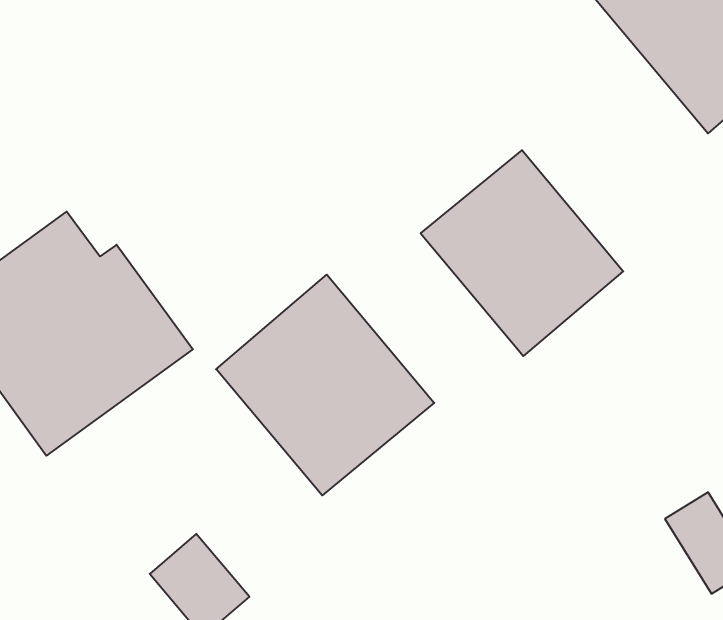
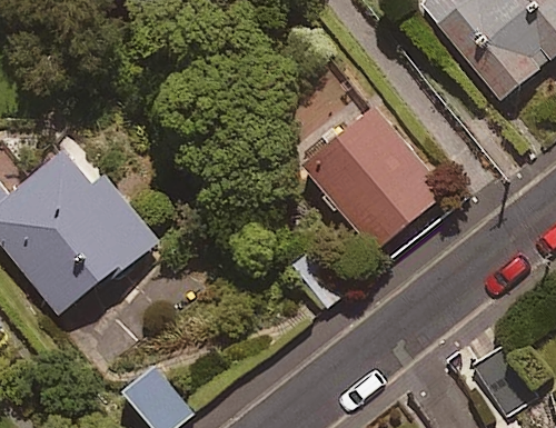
building: [216,275,434,495] -> none

